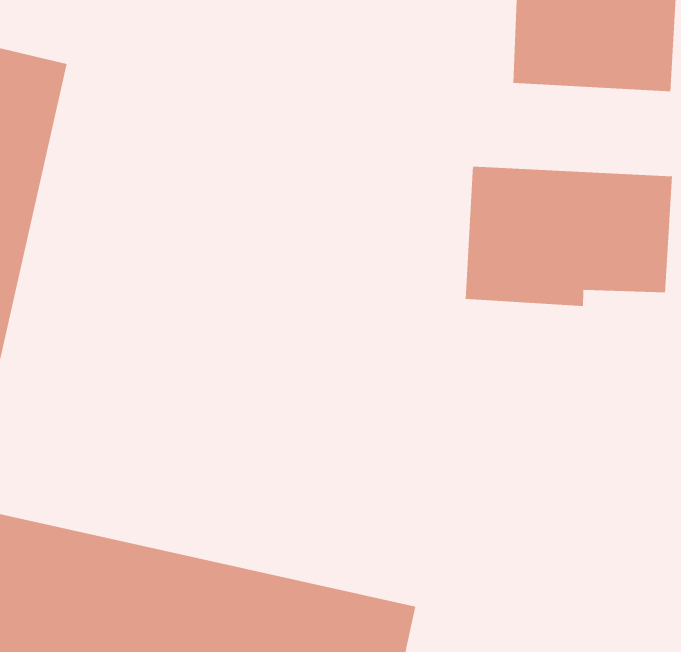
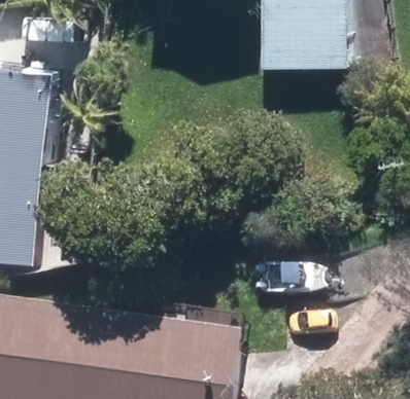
building: [465,166,672,307] -> none

